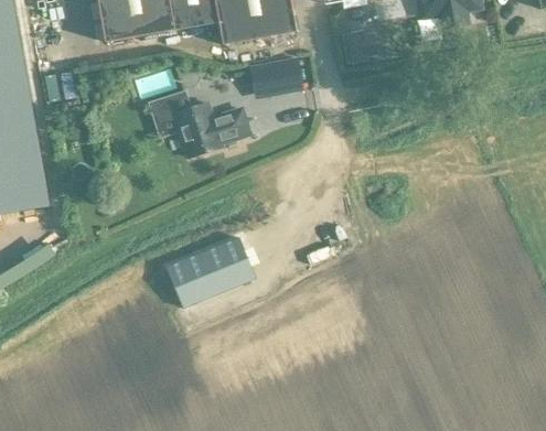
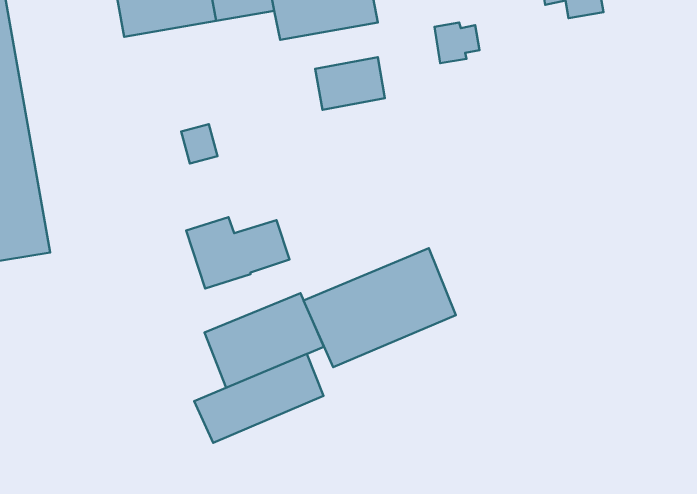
building: [175,101,254,155] -> [186,217,290,289]
building: none -> [304,248,456,367]
building: none -> [194,354,324,443]

